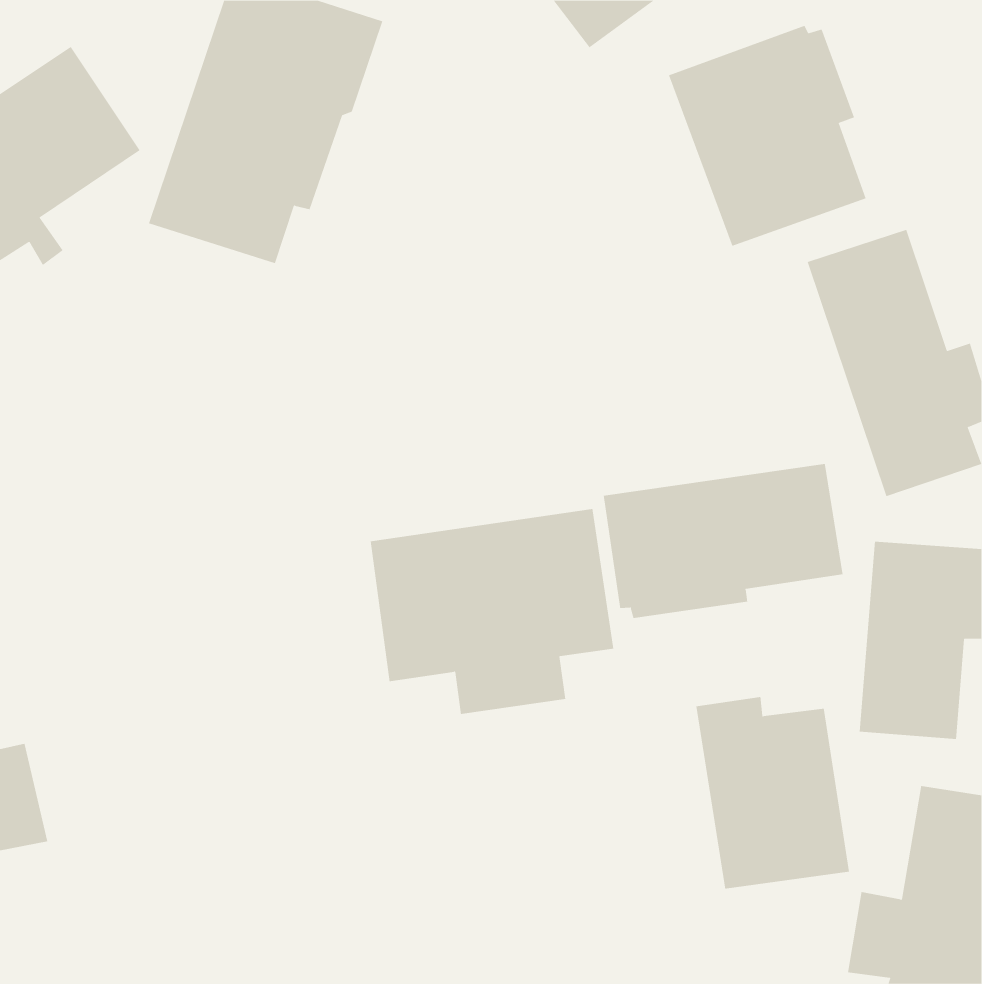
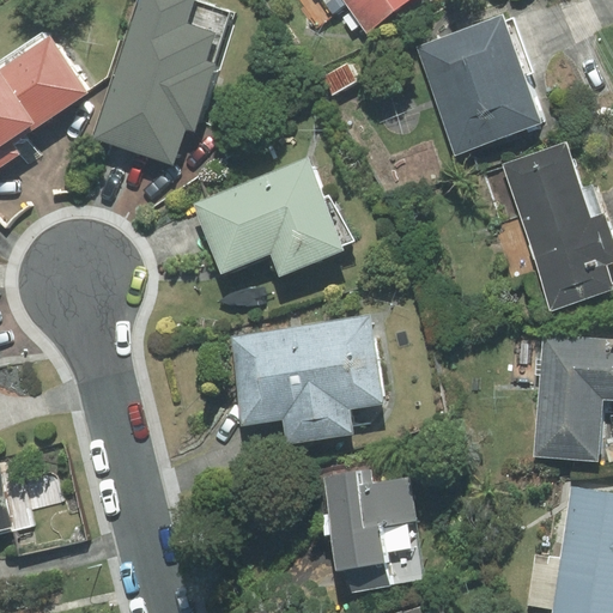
building: none -> [195,160,353,275]
building: [603,463,843,619] -> none
building: [696,697,850,889] -> [329,471,425,590]

